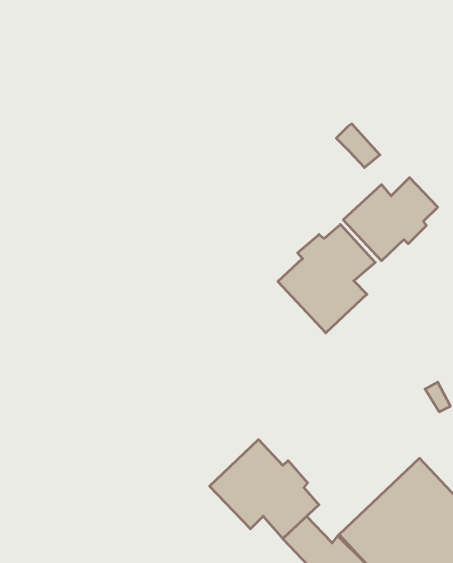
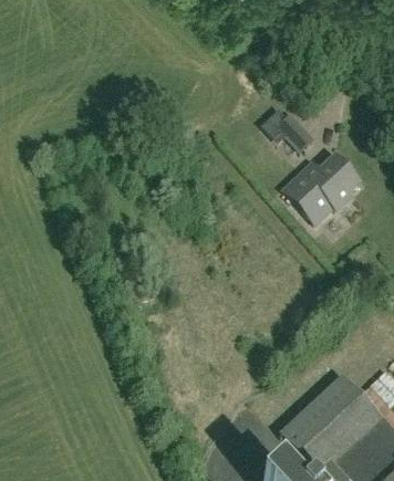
building: [278,224,375,333] -> none
building: [210,440,319,538] -> none

